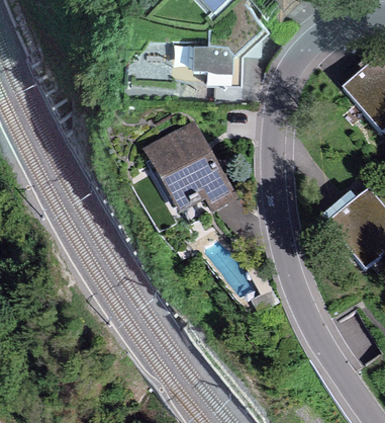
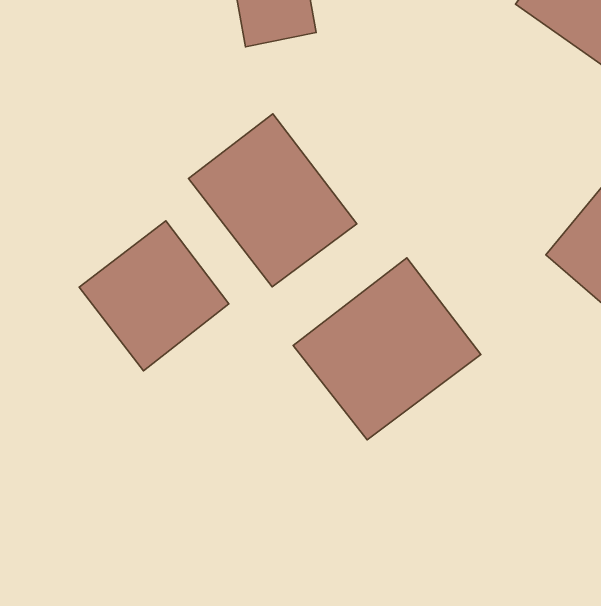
building: none -> [79,221,229,371]
building: none -> [293,258,481,440]

